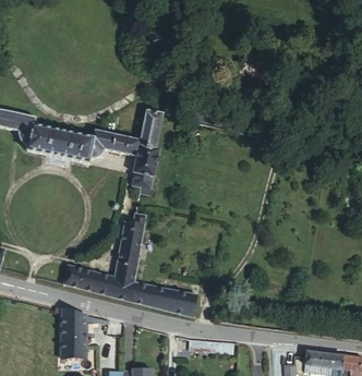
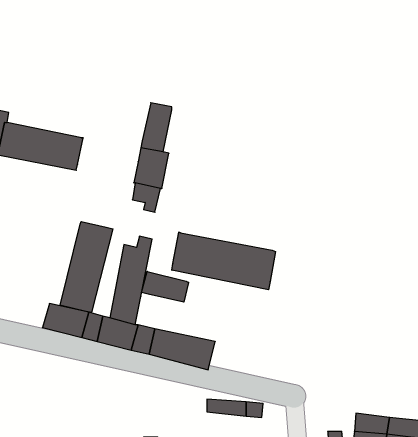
building: [91,129,141,157] -> none
building: none -> [60,222,113,313]
building: none -> [172,232,275,290]
building: none -> [142,271,189,302]
building: [61,308,87,357] -> none

